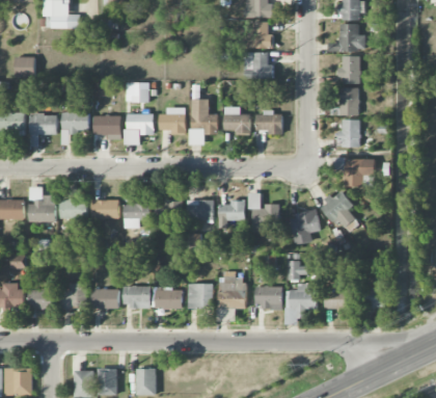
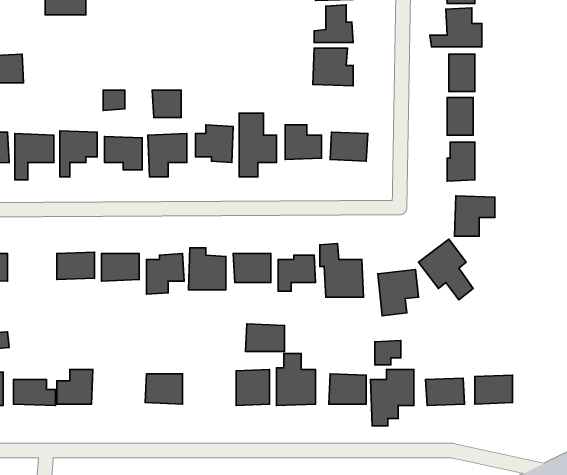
building: [28,187,55,222] -> none
building: [91,289,118,309] -> none
building: [154,289,182,309] -> [245,324,284,351]

